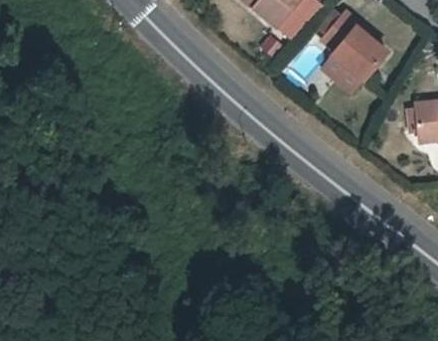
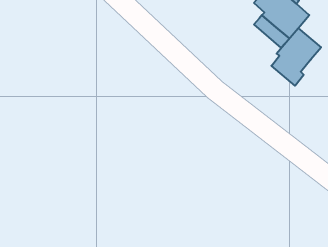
building: none -> [271,28,321,86]

